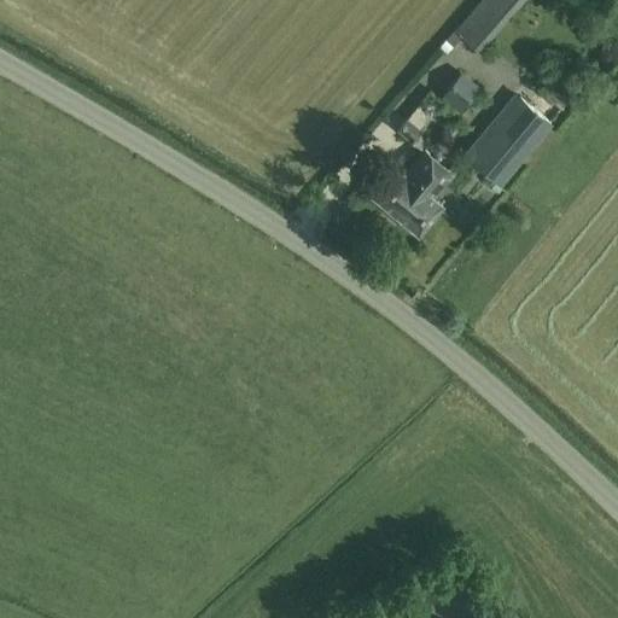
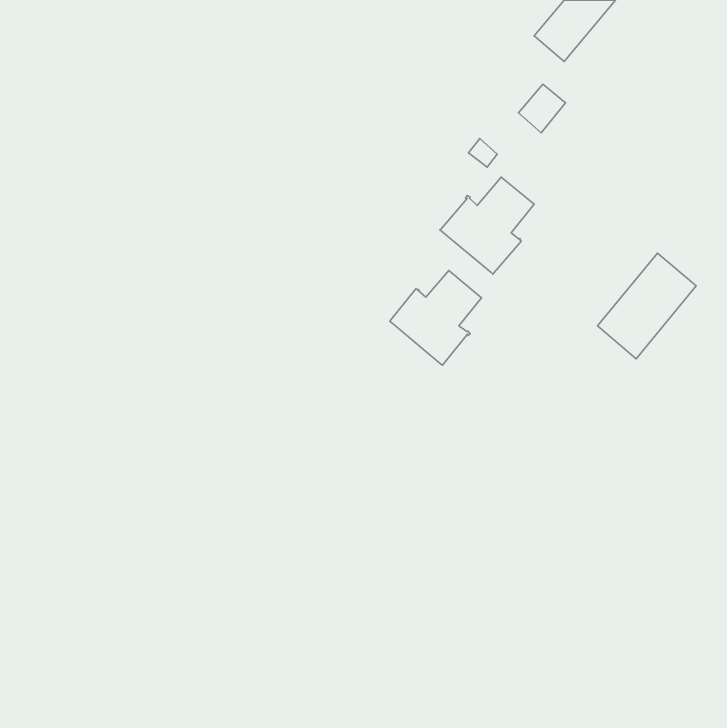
building: [466,97,549,186] -> [598,253,696,359]
building: none -> [390,271,481,365]

